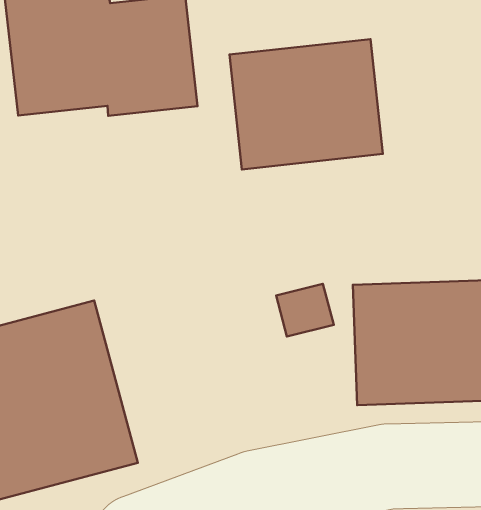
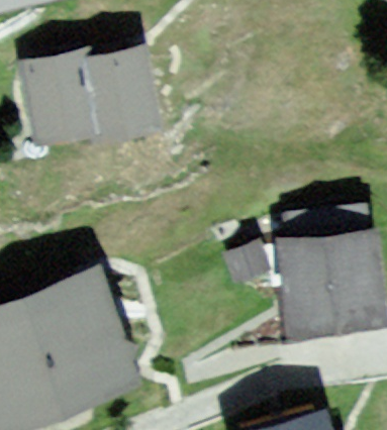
building: [230,39,383,169] -> none

